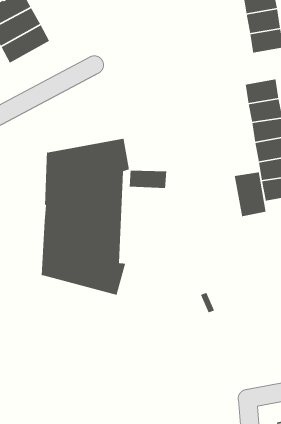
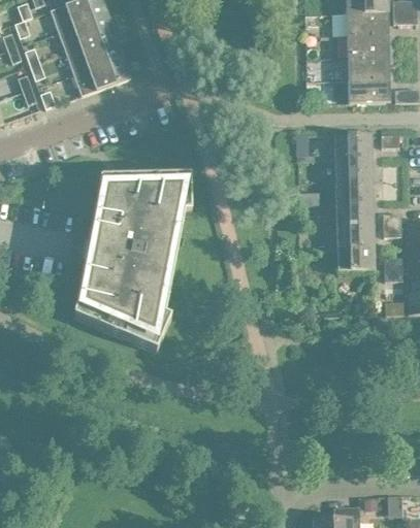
building: none -> [73,55,131,95]
building: [129,170,167,189] -> none
building: [234,171,267,217] -> none

